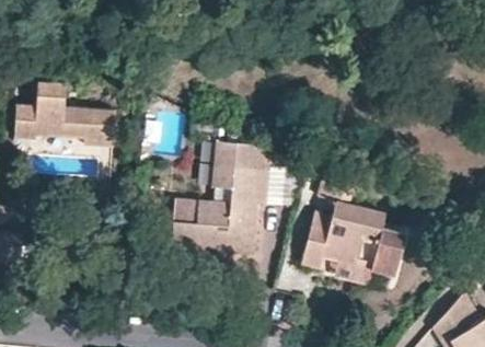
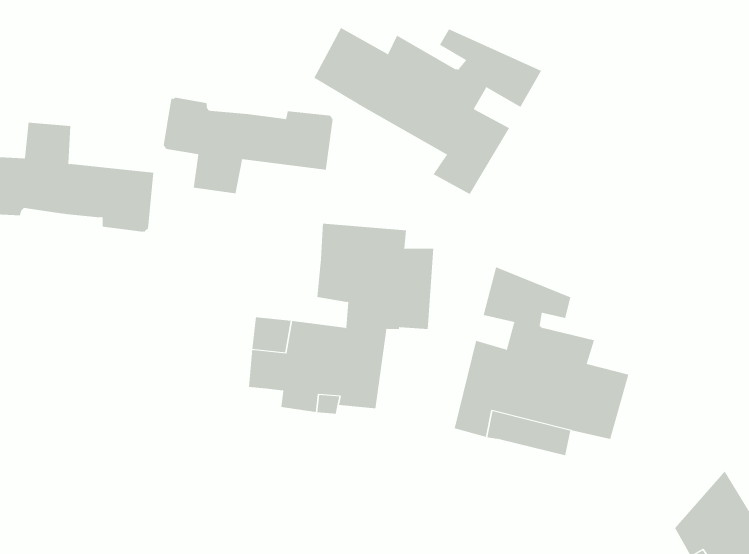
building: none -> [313,27,542,195]
building: none -> [163,97,333,194]

